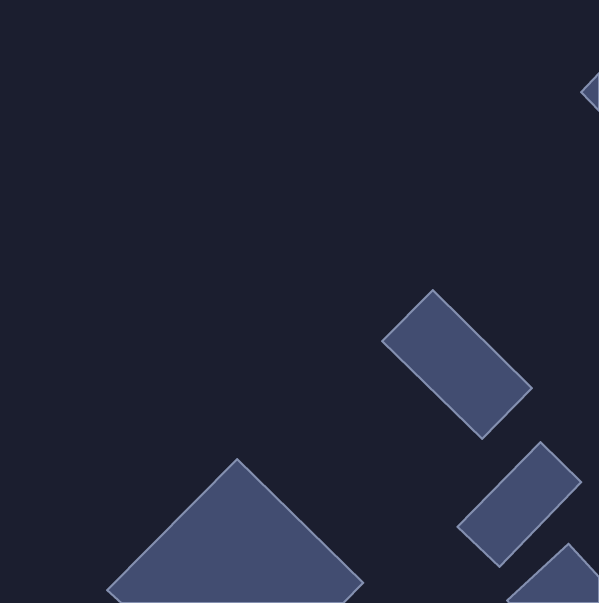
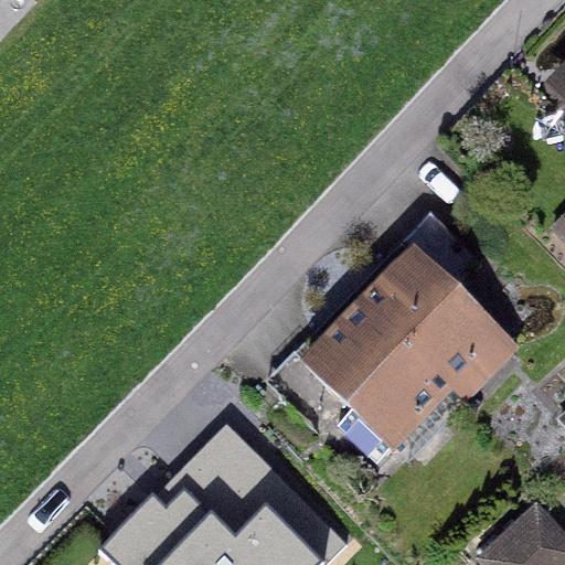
building: none -> [311,319,451,457]
building: [457,442,581,567] -> none

